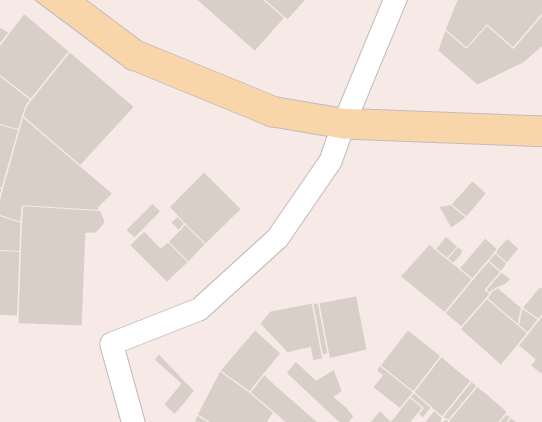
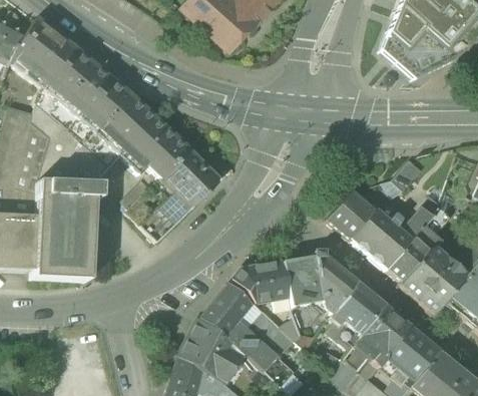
building: none -> [84,96,187,179]
building: none -> [327,190,375,238]
building: none -> [315,254,357,313]
building: [154,354,195,415] -> [229,277,264,328]

